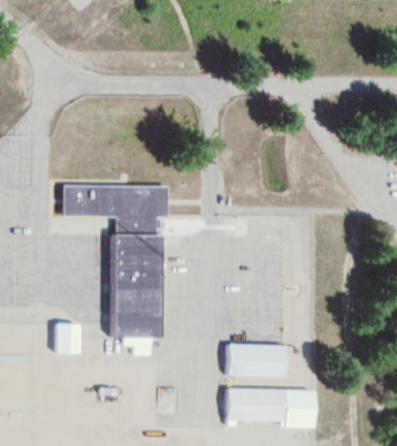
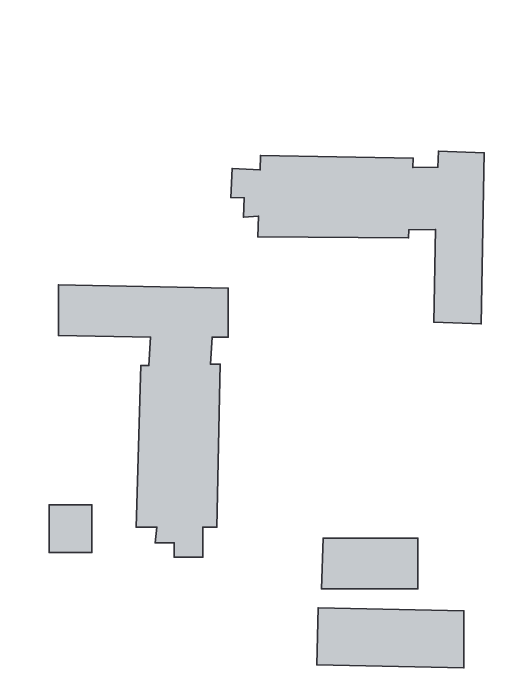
building: none -> [231,151,484,324]

